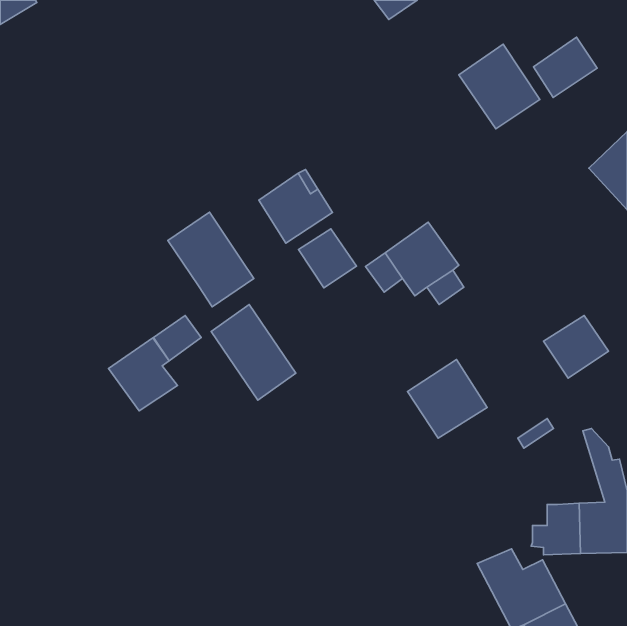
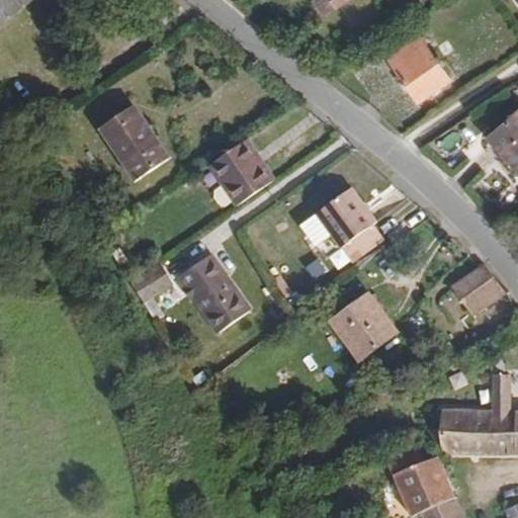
building: [534,37,597,98] -> none
building: [168,212,254,307] -> [99,105,170,183]
building: [299,229,357,288] -> none
building: [108,338,177,411] -> none

